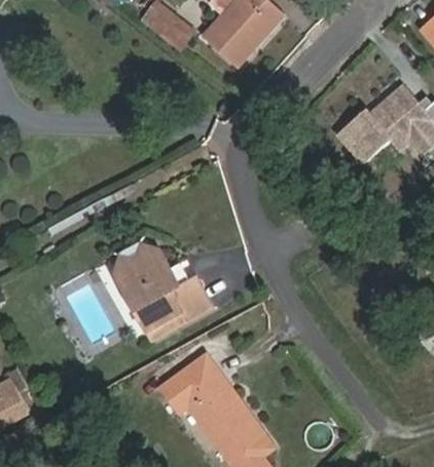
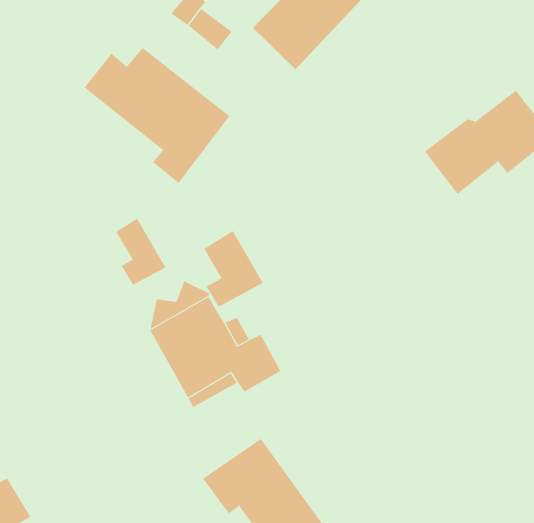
building: none -> [84,47,230,184]
building: none -> [116,218,166,285]
building: none -> [203,230,263,307]

